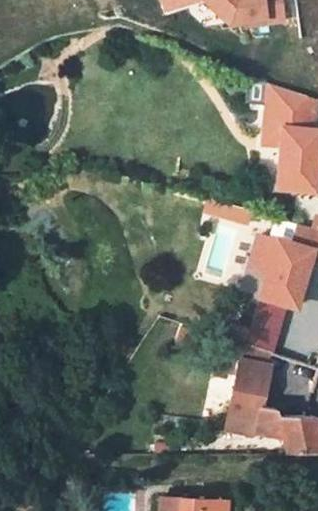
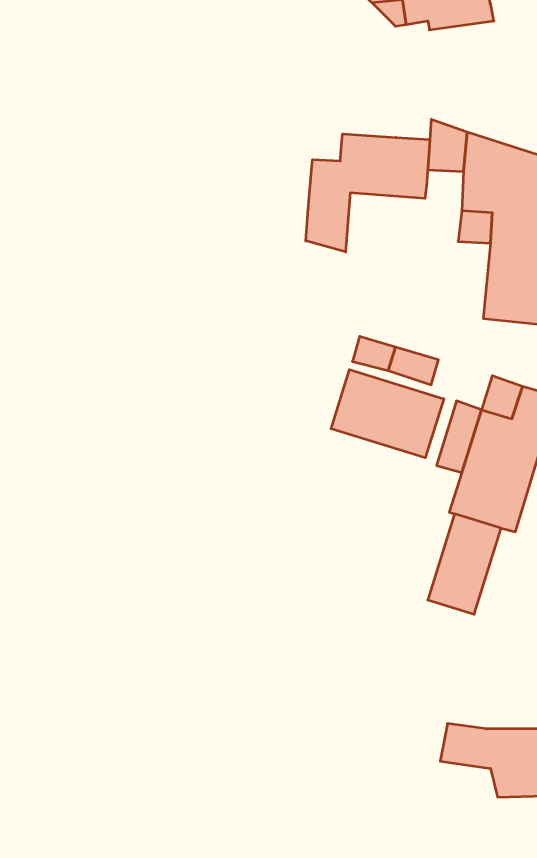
building: none -> [306,134,430,252]
building: none -> [331,370,444,458]
building: [228,344,279,435] -> none

